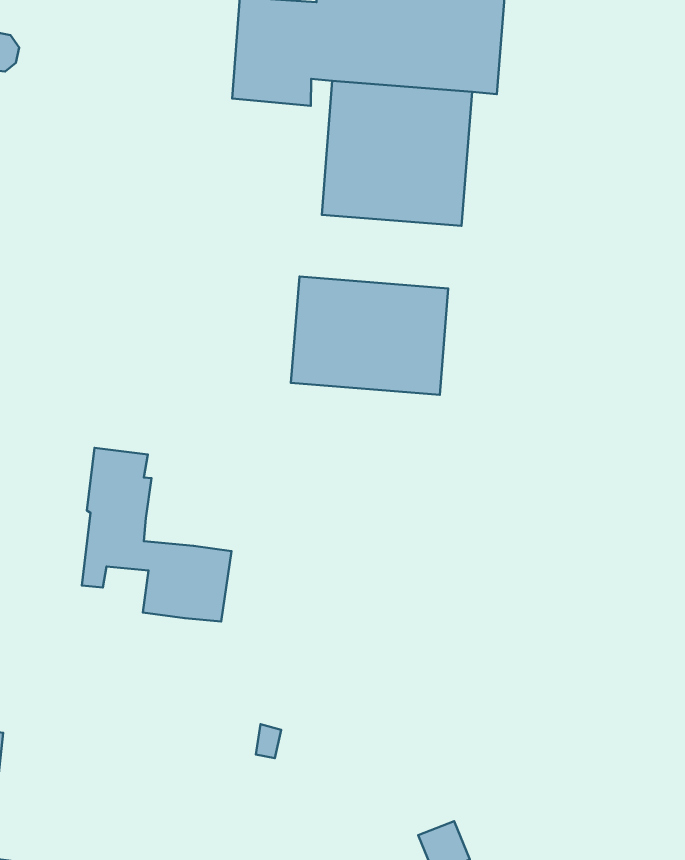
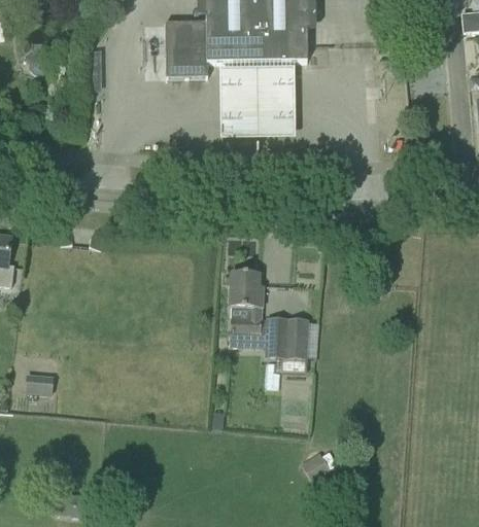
building: [291,277,448,395] -> none
building: [82,448,231,622] -> [230,271,309,357]

